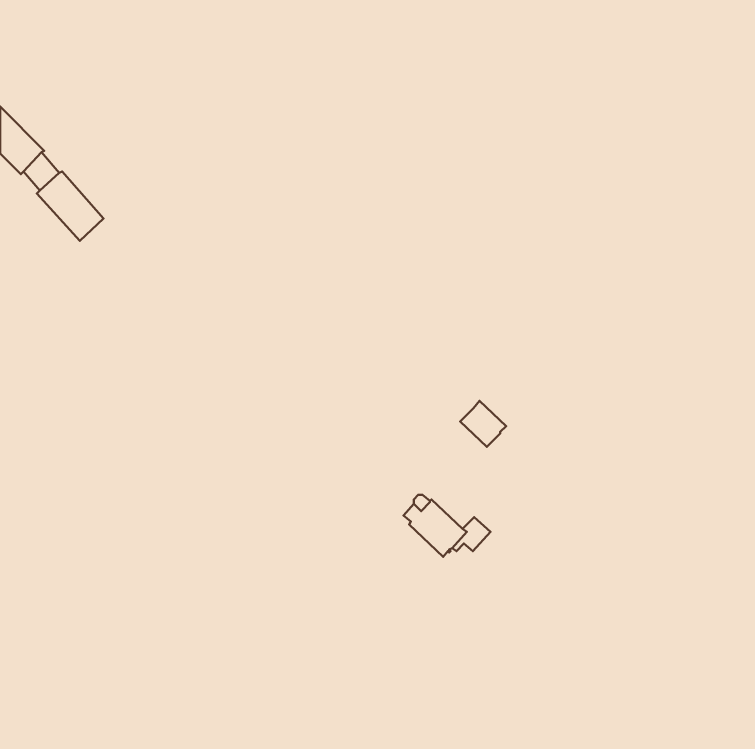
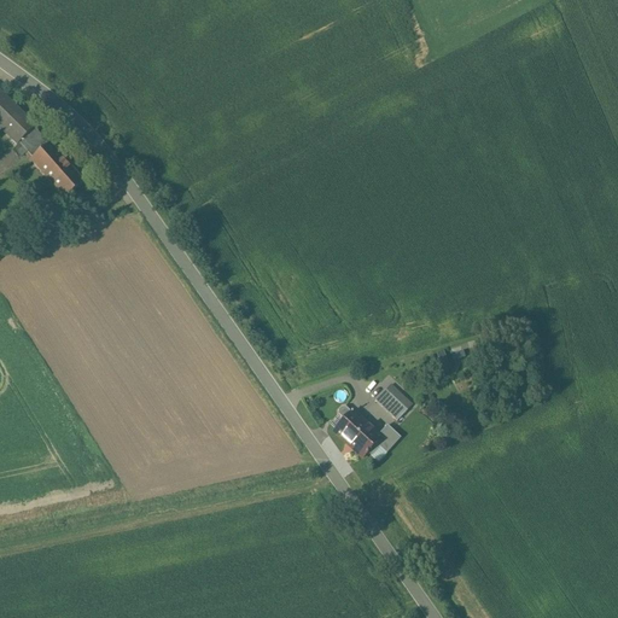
building: [460,401,506,447] -> [374,381,412,419]

